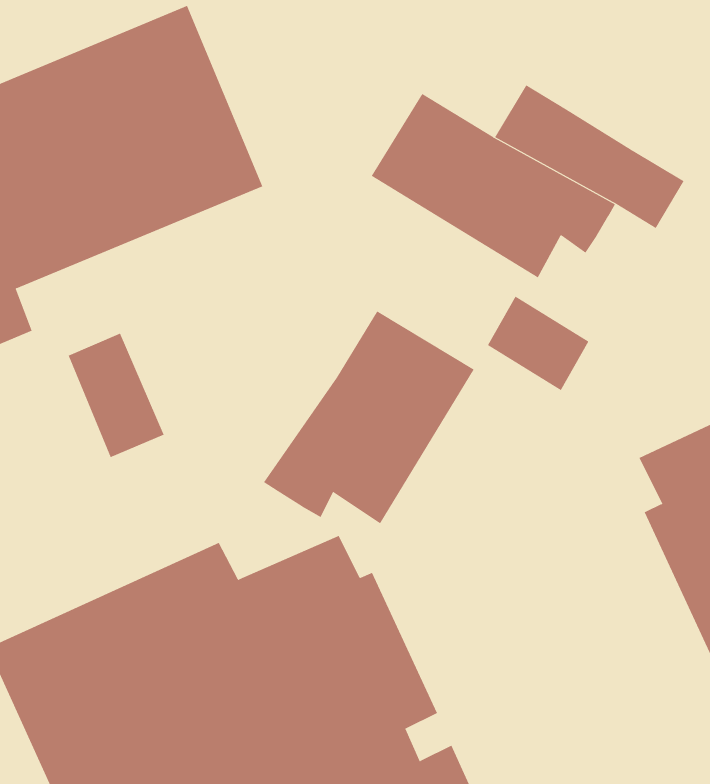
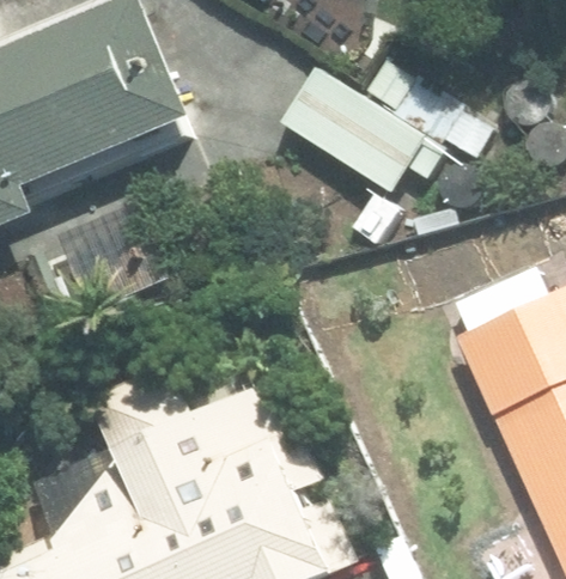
building: [263,310,475,524] -> none

